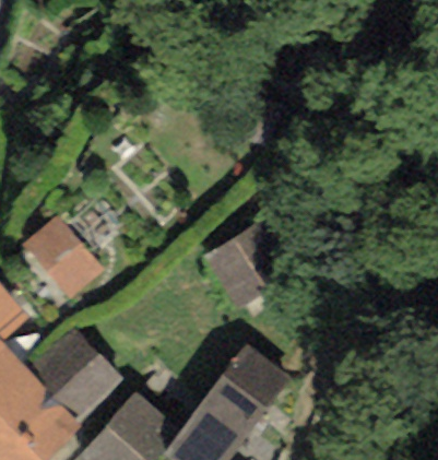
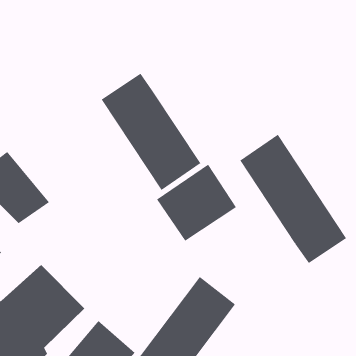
building: none -> [101,73,201,191]
building: none -> [240,134,347,264]

